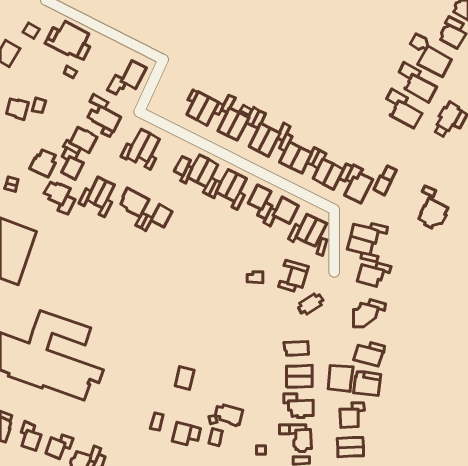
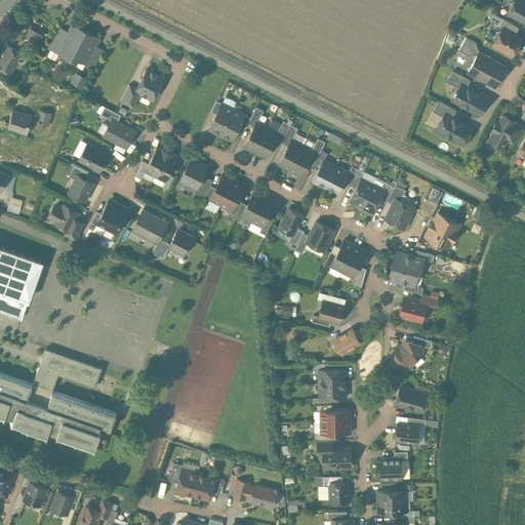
building: none -> [180,160,208,190]
building: [29,150,56,177] -> none
building: [419,198,448,228] -> [427,214,459,248]
building: none -> [318,370,345,386]
building: [328,365,353,391] -> none
building: [175,367,194,390] -> [176,471,198,496]
building: [215,405,243,426] -> [246,486,277,510]

